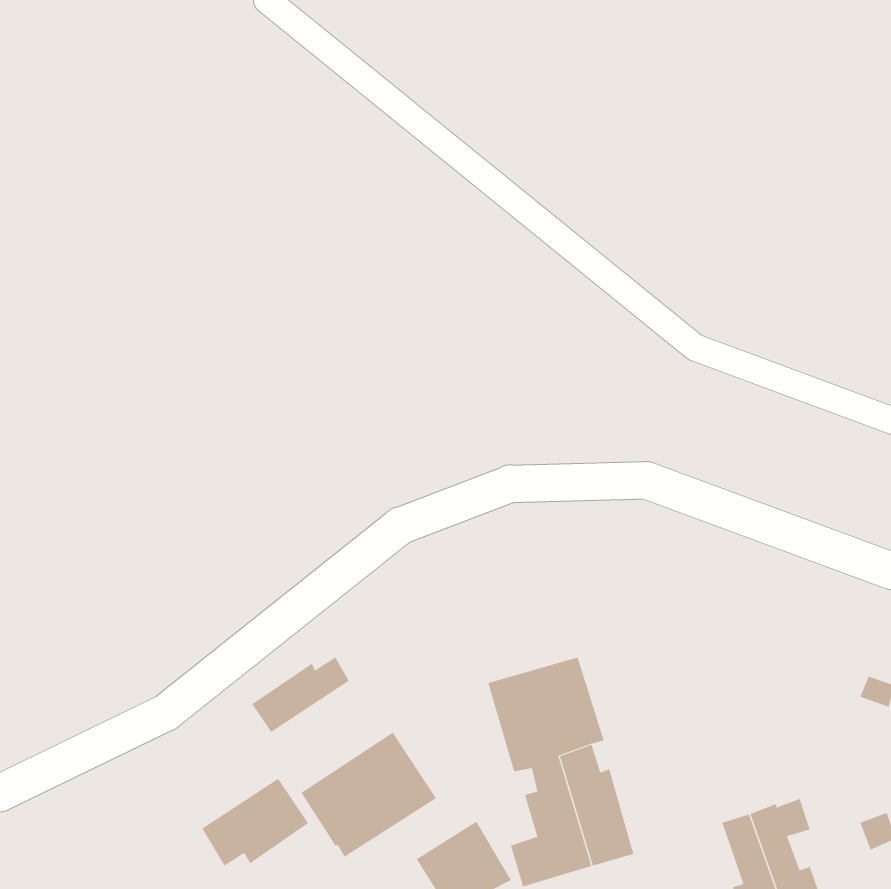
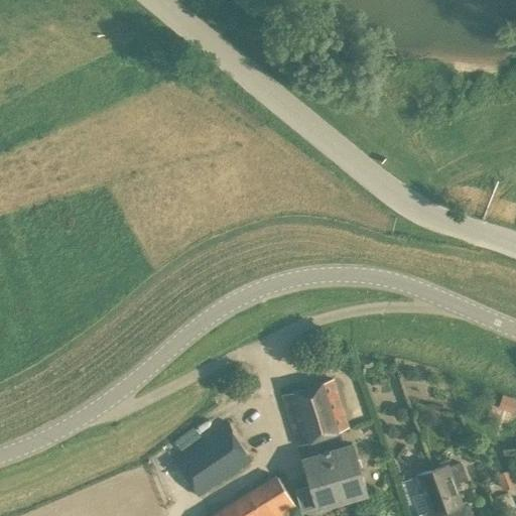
building: [252,657,350,733] -> none
building: [201,778,309,867] -> none

